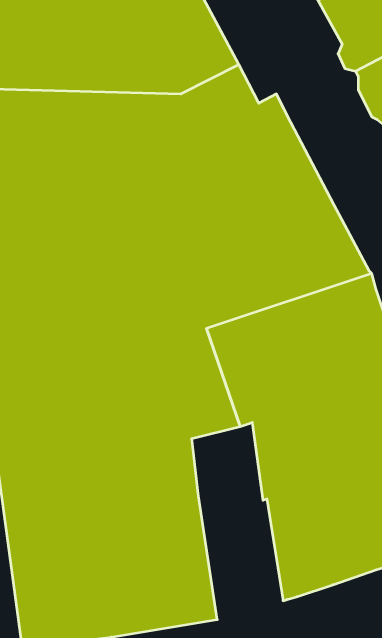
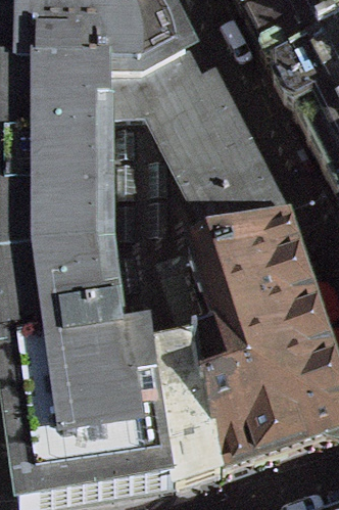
building: none -> [164,331,234,481]

